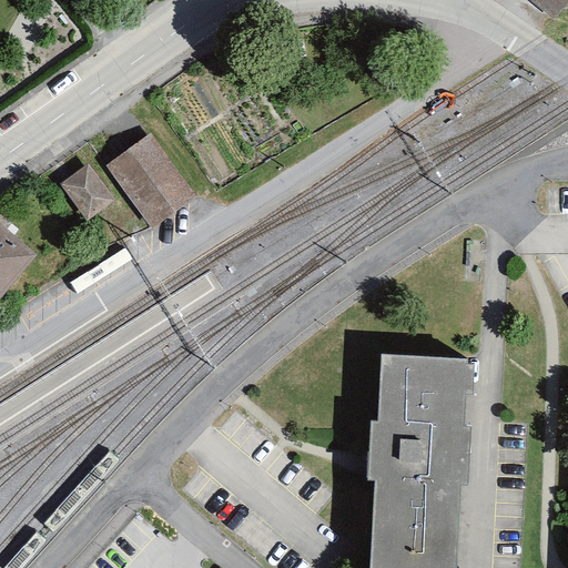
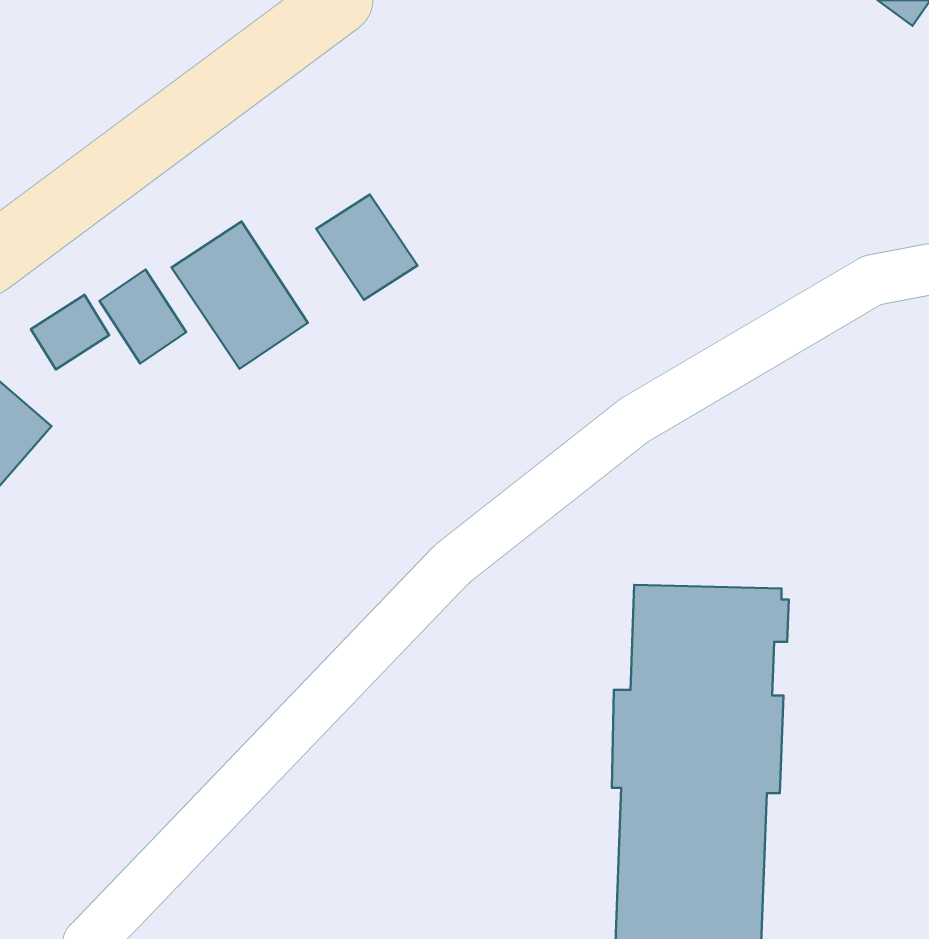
building: none -> [316,195,417,300]
building: none -> [31,295,109,370]

